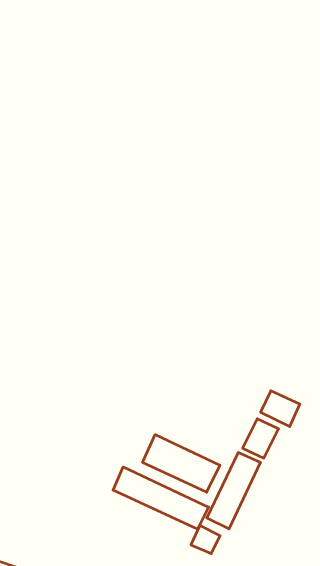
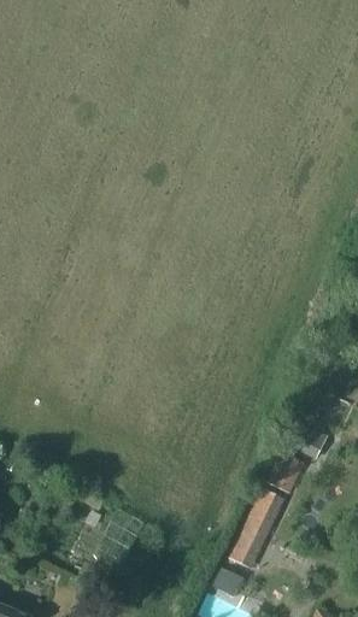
building: [143,435,220,492] -> none
building: [113,467,209,529] -> none

